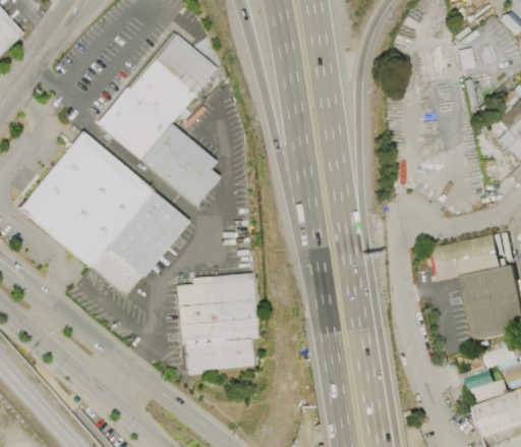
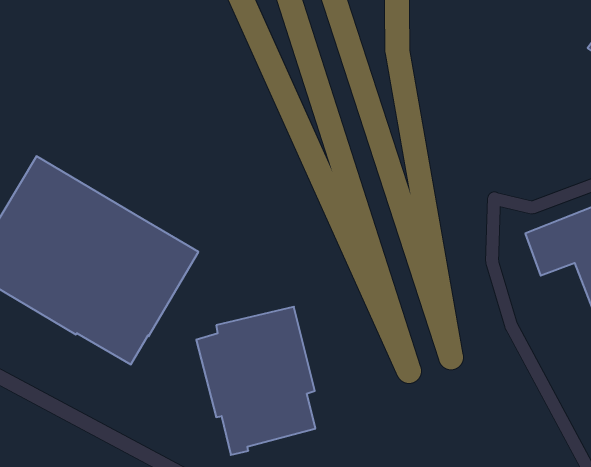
building: [97,34,219,205] -> none

